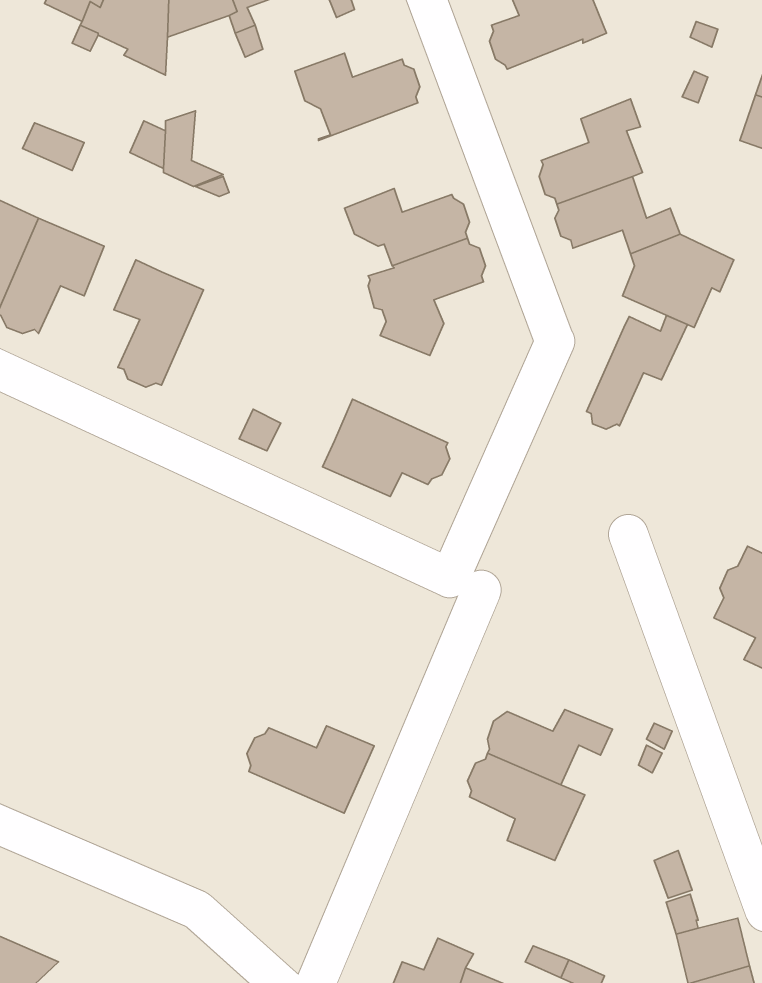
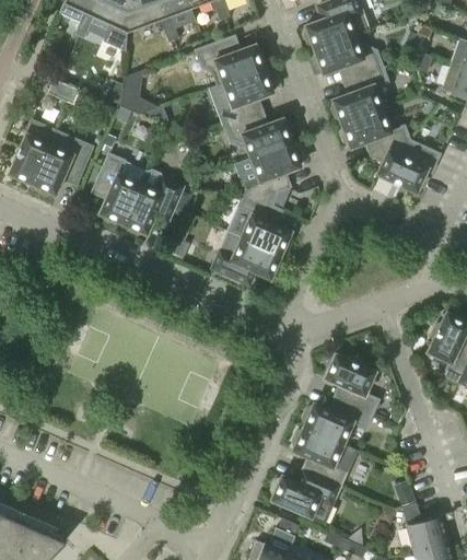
building: none -> [313,33,382,77]
building: none -> [210,68,275,126]
building: none -> [124,168,184,234]
building: [587,316,687,429] -> none
building: none -> [229,196,292,255]
building: none -> [325,353,377,412]
building: [247,726,374,813] -> [270,474,340,522]

